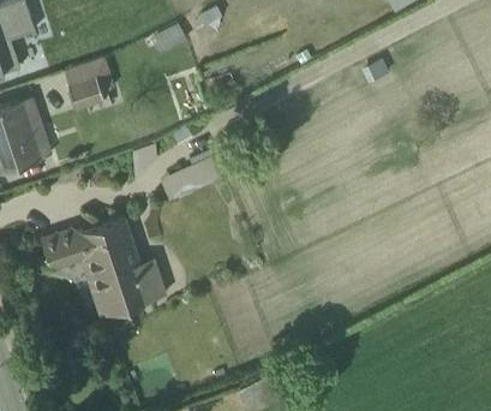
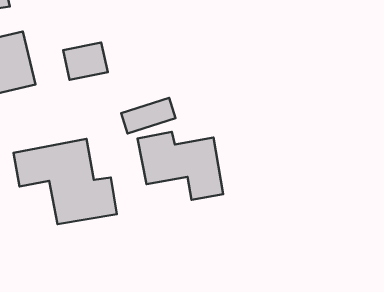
building: [64,60,118,107] -> [63,43,108,80]
building: none -> [137,132,223,200]

